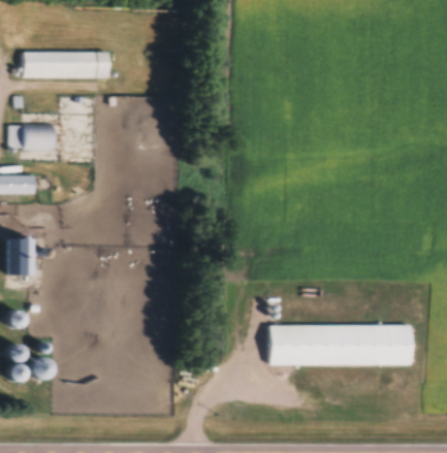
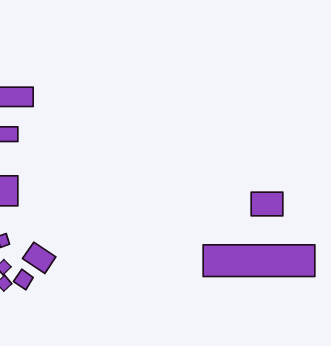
building: [23,52,108,77] -> none
building: none -> [251,192,283,216]
building: none -> [23,242,56,273]

